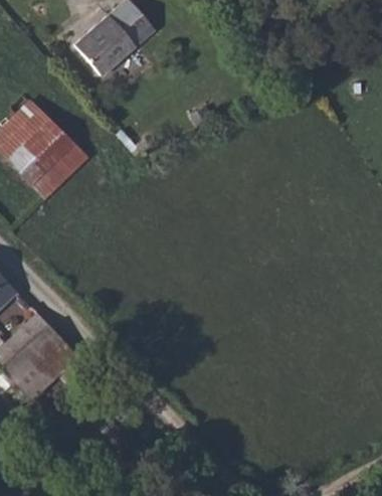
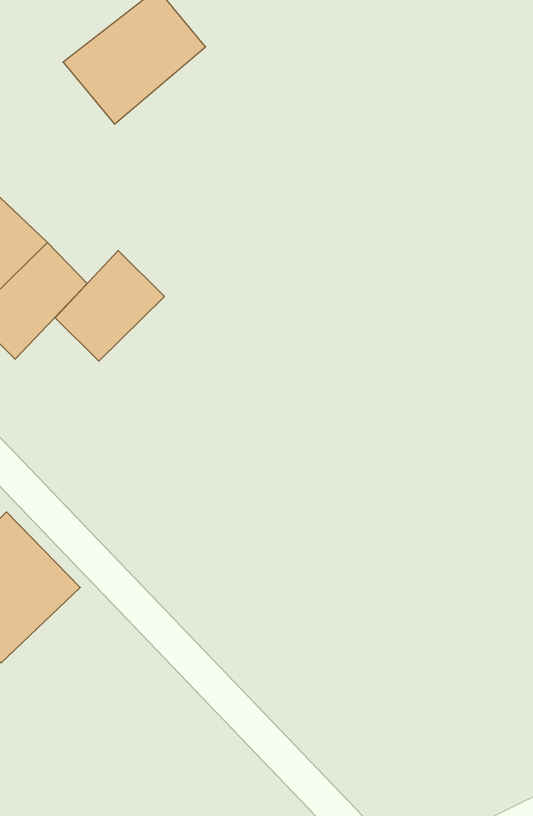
building: none -> [55,250,164,361]

